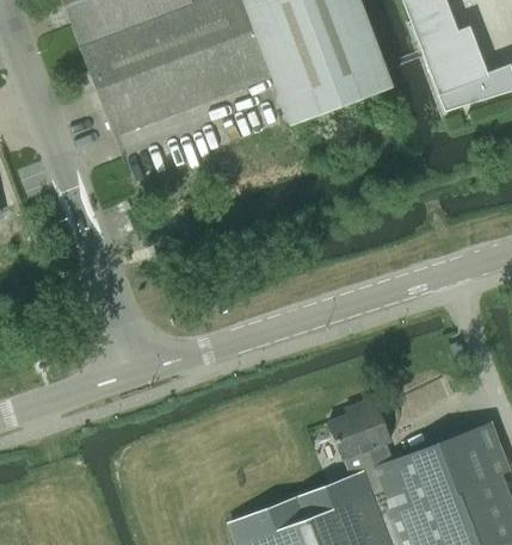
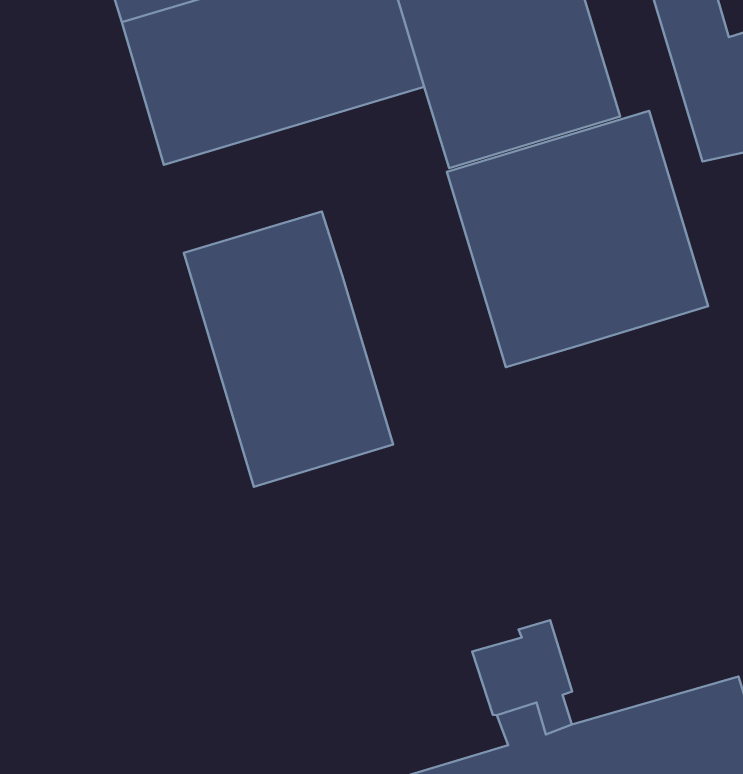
building: none -> [447,111,708,367]
building: none -> [184,212,393,487]

